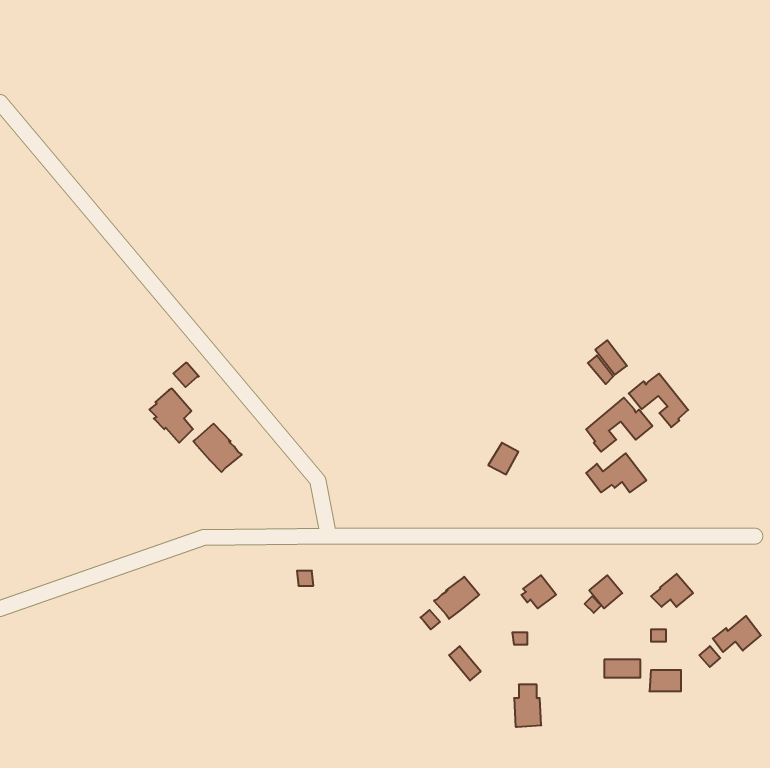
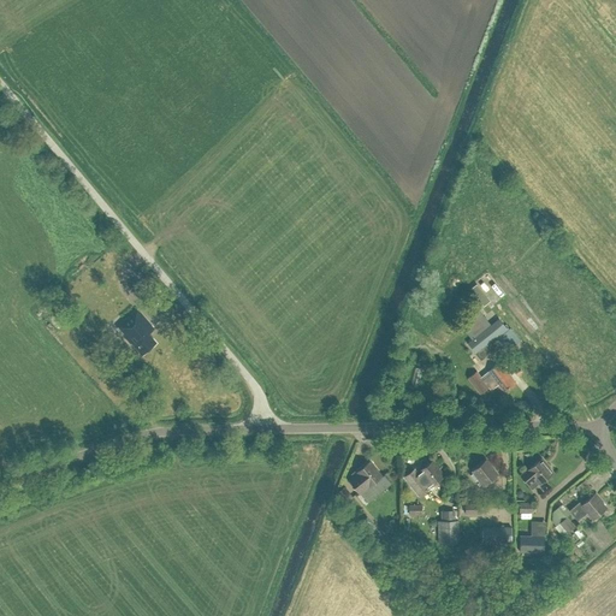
building: [629,374,688,427] -> none
building: [193,424,242,472] -> none
building: [514,685,541,727] -> [437,511,458,545]

